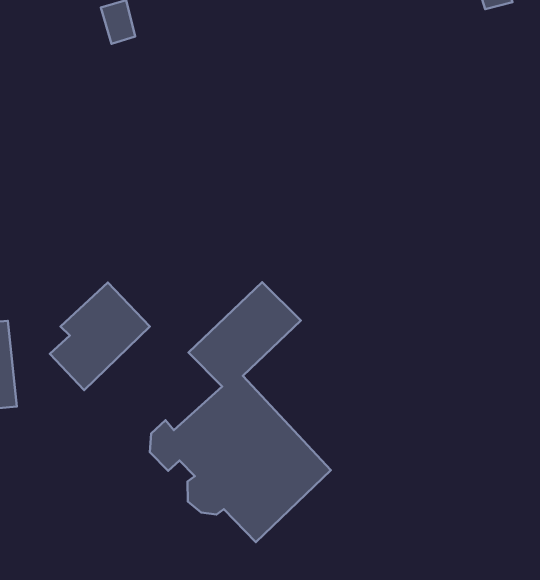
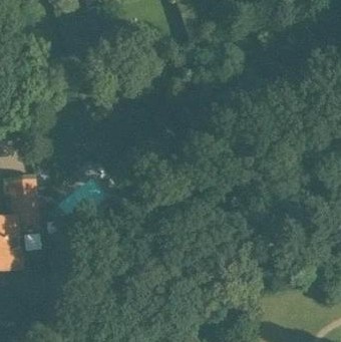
building: [150,282,331,542] -> none

